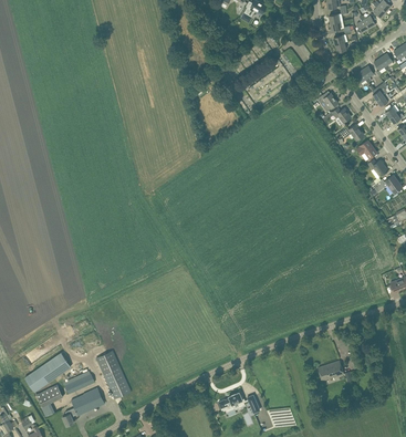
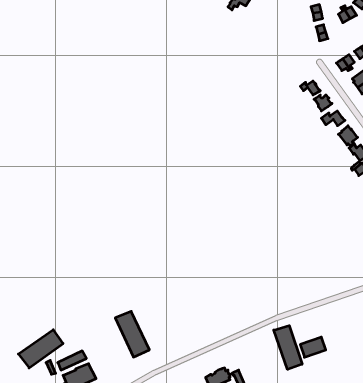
building: none -> [274,326,302,369]
building: [96,351,132,398] -> [115,311,149,357]

